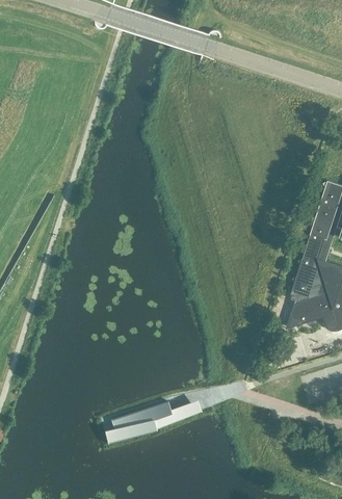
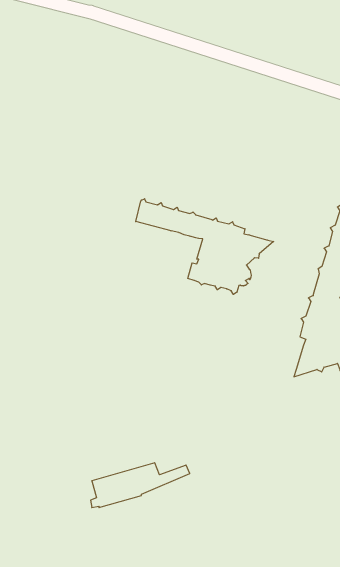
building: none -> [136,199,274,294]

